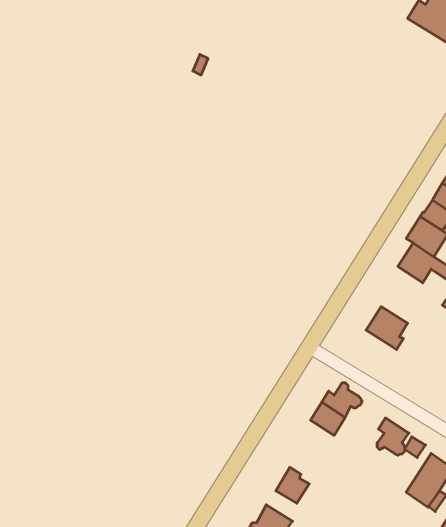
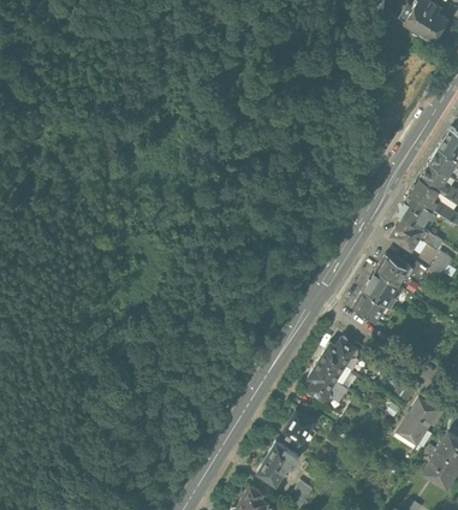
building: none -> [376,255,411,285]
building: none -> [353,291,386,322]
building: [377,418,409,455] -> [308,369,335,402]

